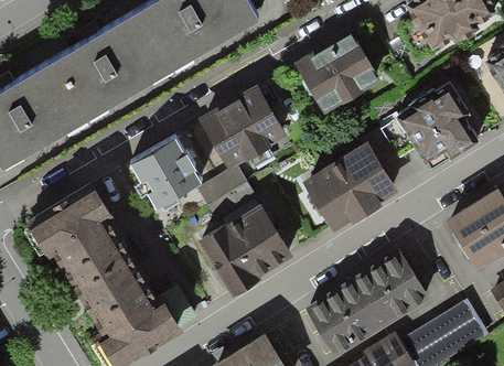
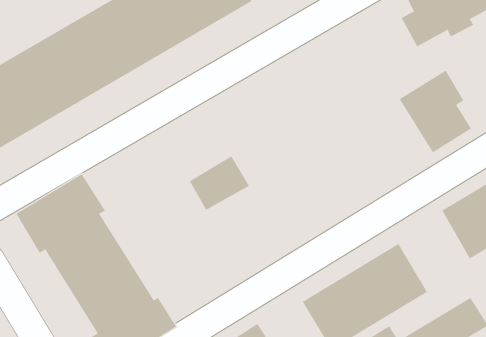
building: [291,30,379,114] -> none
building: [196,86,282,168] -> none
building: [124,132,203,211] -> none
building: [300,142,396,232] -> none
building: [195,203,292,293] -> none

